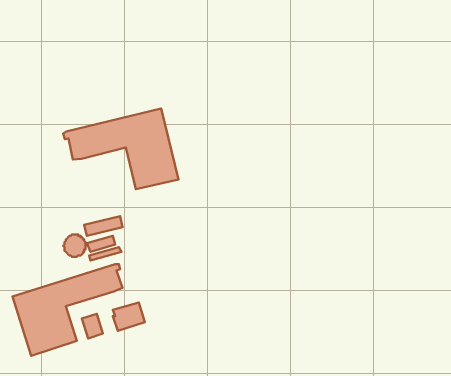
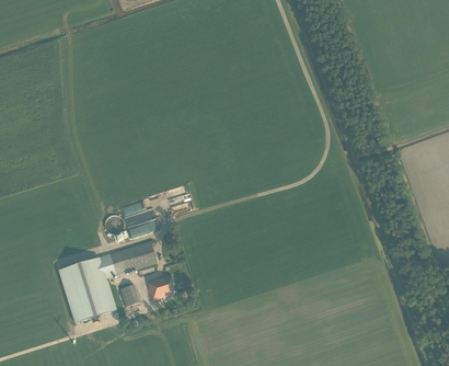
building: [63,109,178,189] -> none

